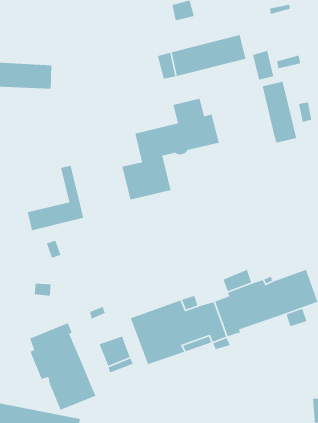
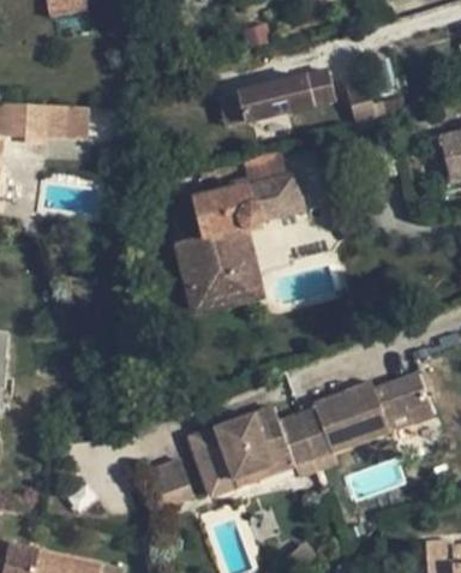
building: [262,81,297,143] -> none
building: [27,165,84,231] -> [187,222,262,309]
building: [29,322,96,411] -> none

